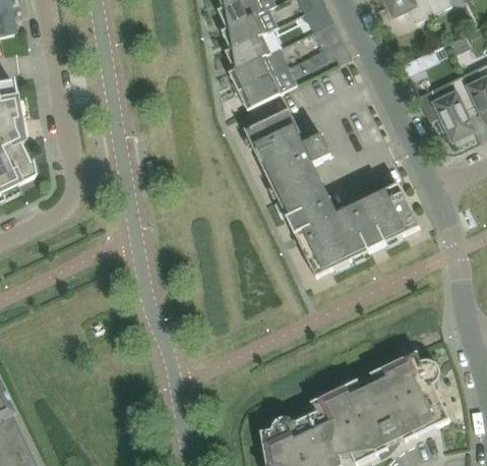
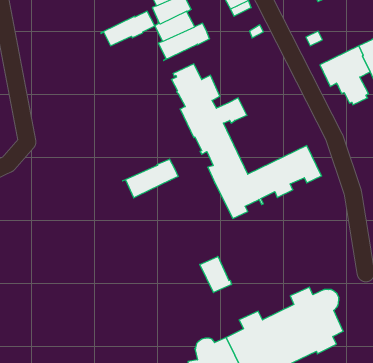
building: [236,64,299,105] -> [101,11,155,46]
building: none -> [123,159,178,198]
building: none -> [200,256,231,293]

